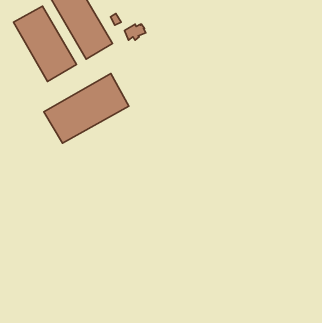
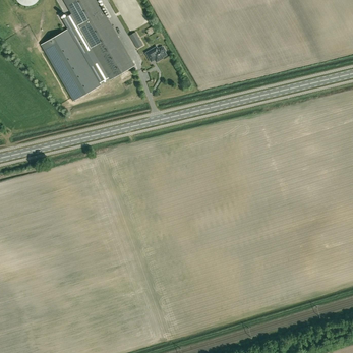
building: [44,74,129,143] -> none

